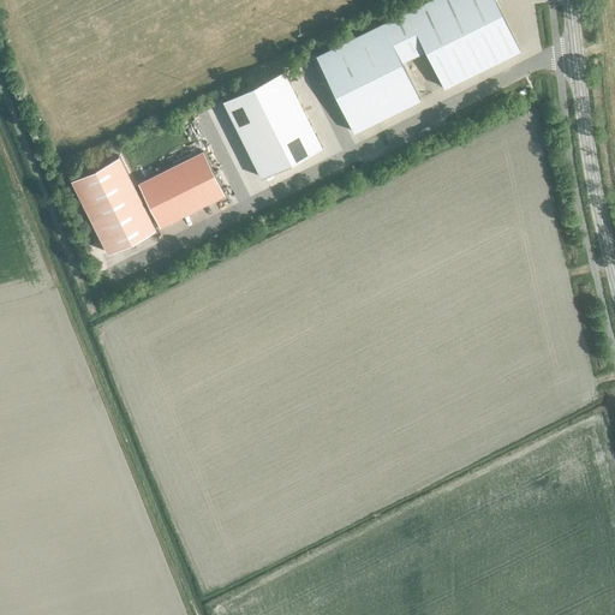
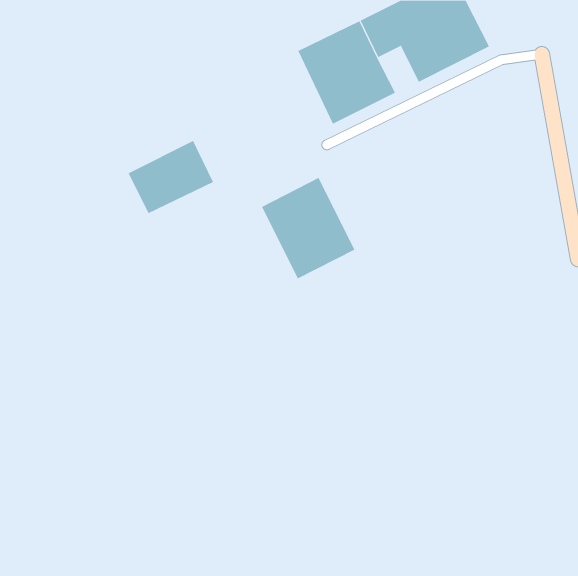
building: [222,71,322,179] -> [261,177,355,279]
building: [71,157,155,255] -> none

